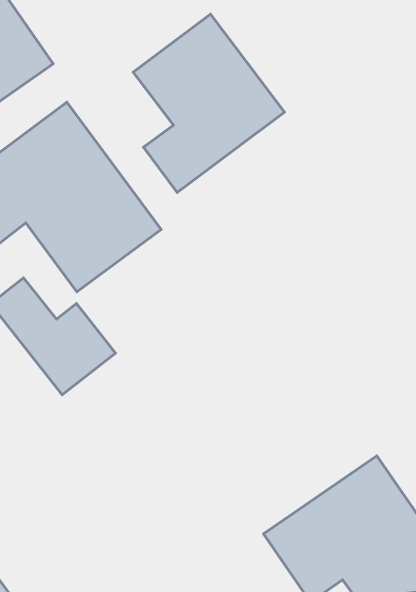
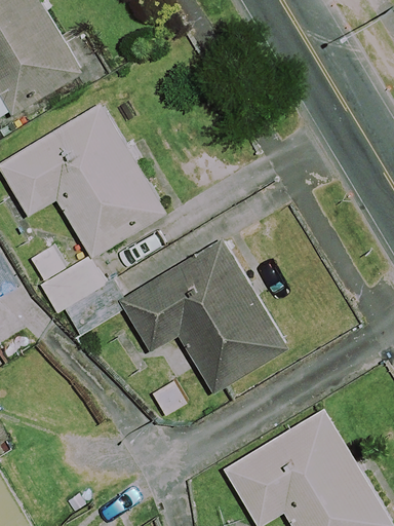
building: [133,14,284,192] -> none
building: none -> [120,241,285,392]

